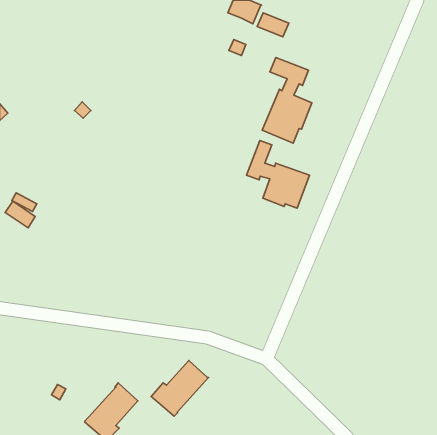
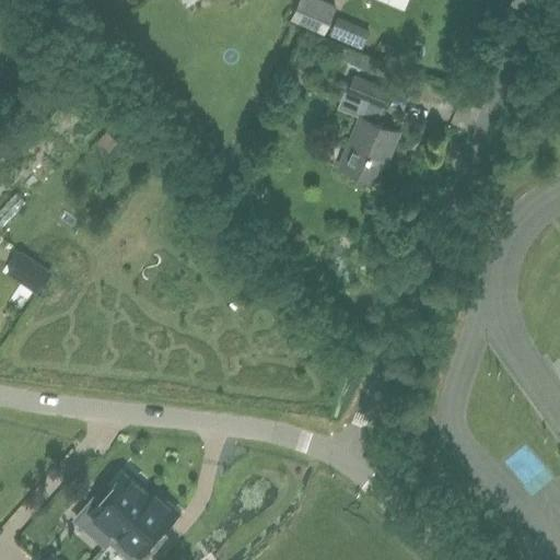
building: [247,141,309,208] -> none
building: [151,360,208,416] -> [74,476,148,547]

